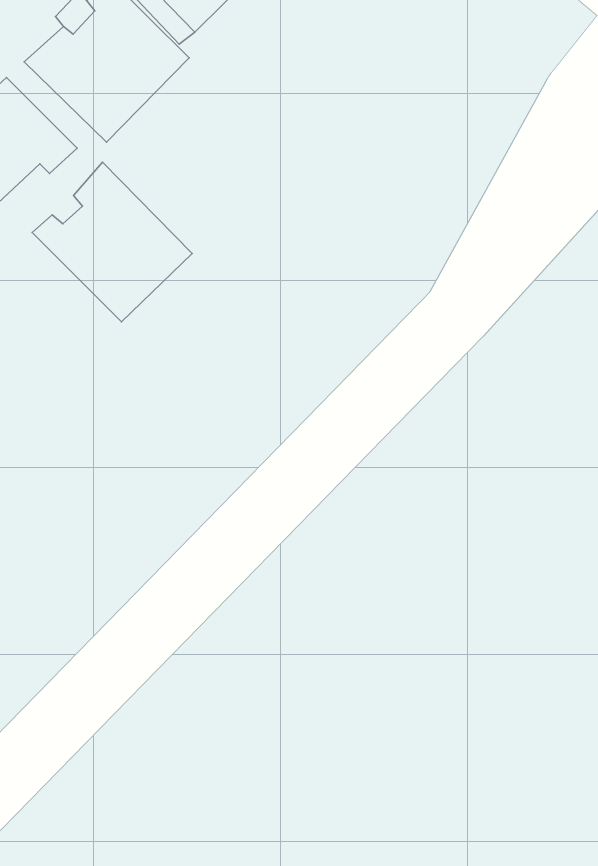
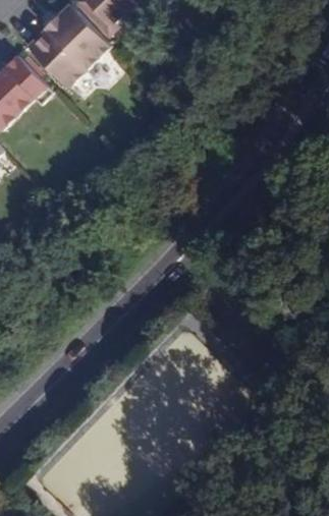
building: [32,162,192,322] -> none

